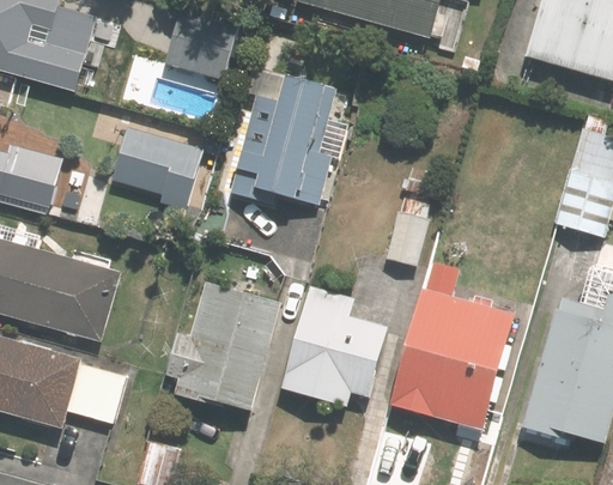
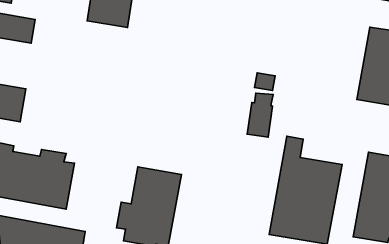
building: [226,67,330,204] -> none
building: [108,108,208,207] -> none
building: [291,289,392,405] -> none

